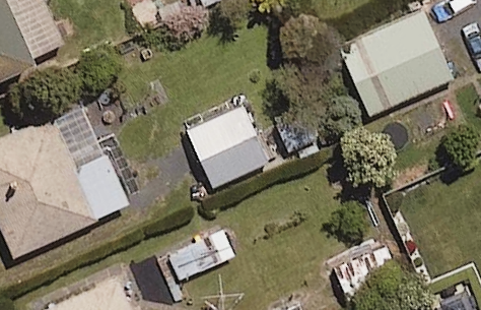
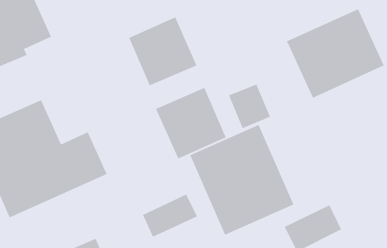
building: none -> [129,16,197,86]
building: none -> [189,124,294,236]

